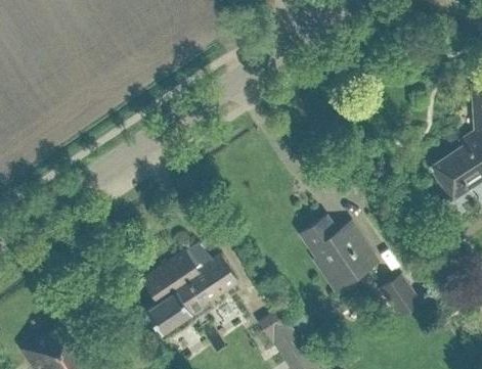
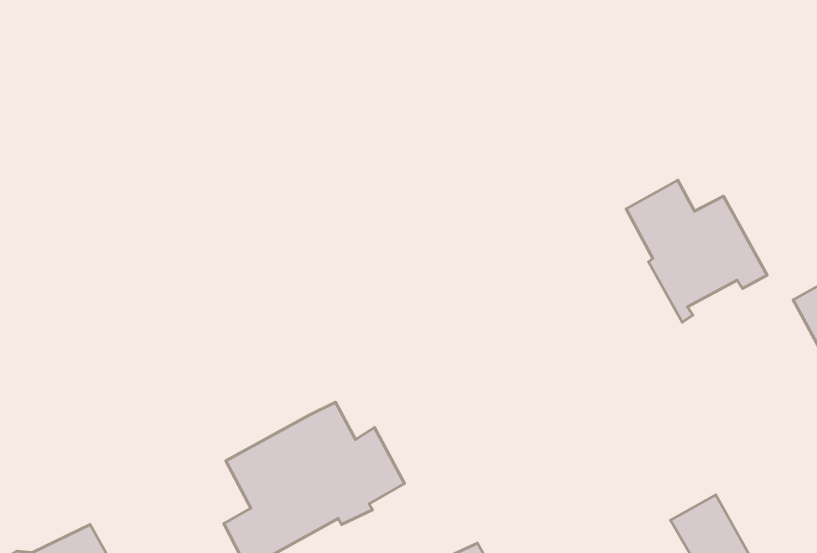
building: [300,217,377,290] -> [626,180,767,322]

